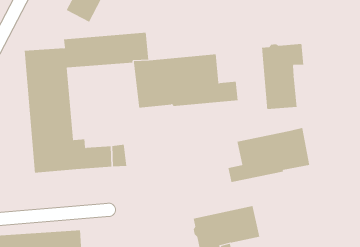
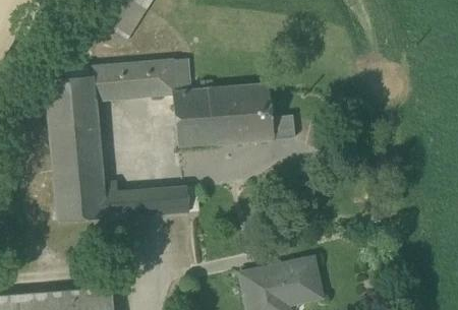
building: [261,43,304,110] -> none
building: [228,127,310,183] -> none
building: none -> [163,186,189,213]

